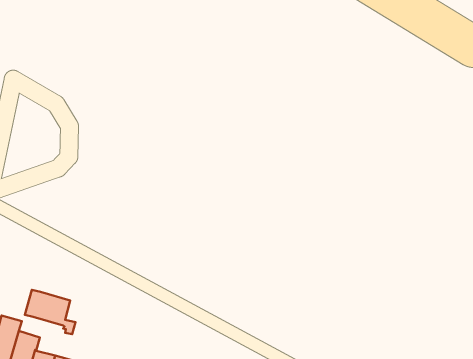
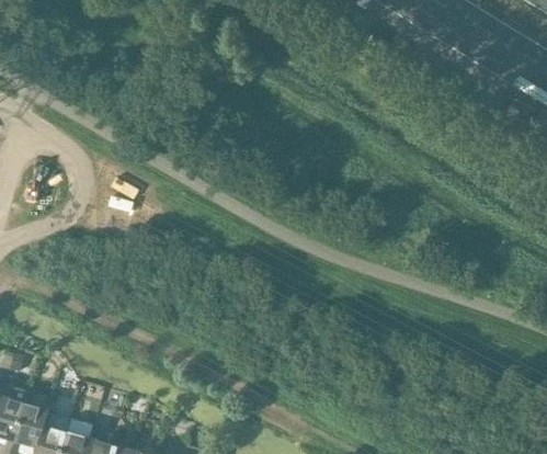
building: [25,290,76,334] -> none

